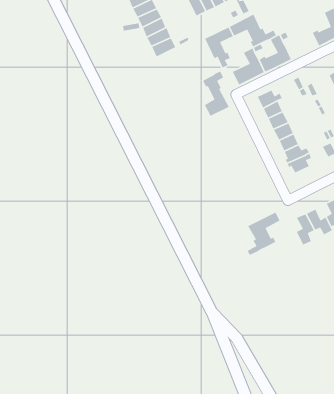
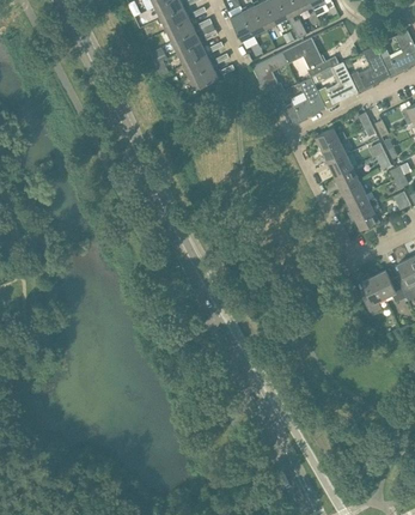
building: none -> [349,47,389,92]
building: [202,71,230,117] -> none
building: [246,212,281,256] -> none

